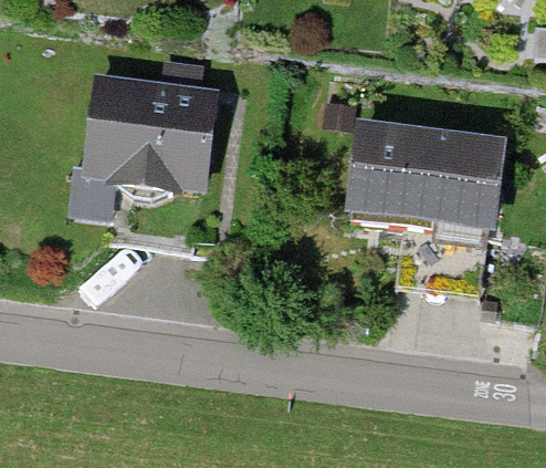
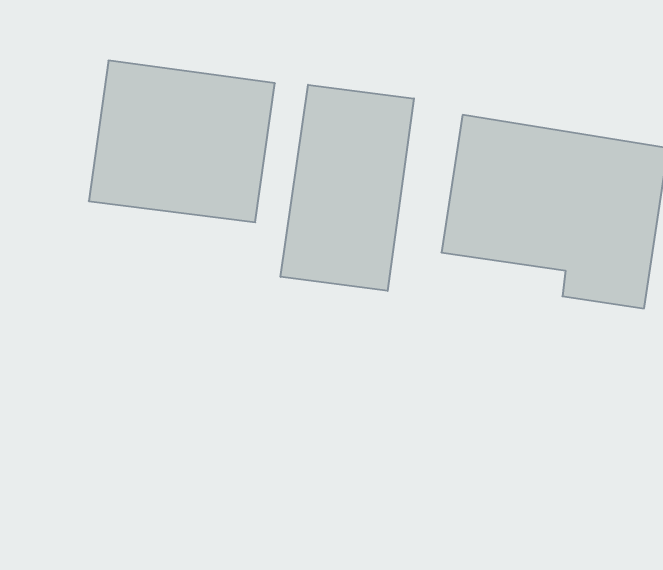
building: none -> [281,85,414,291]

